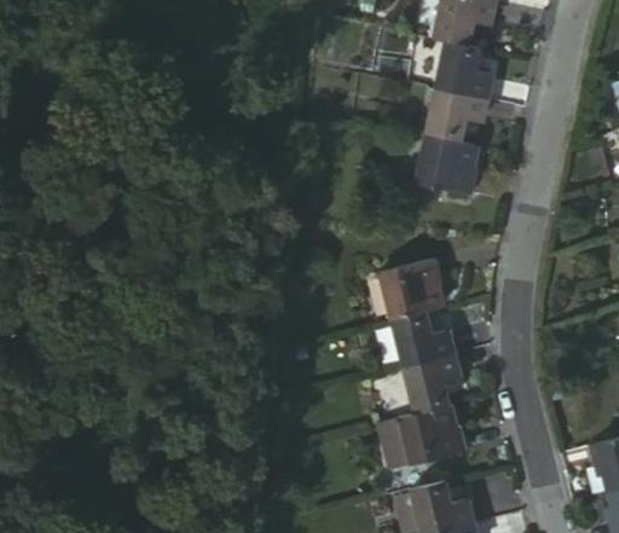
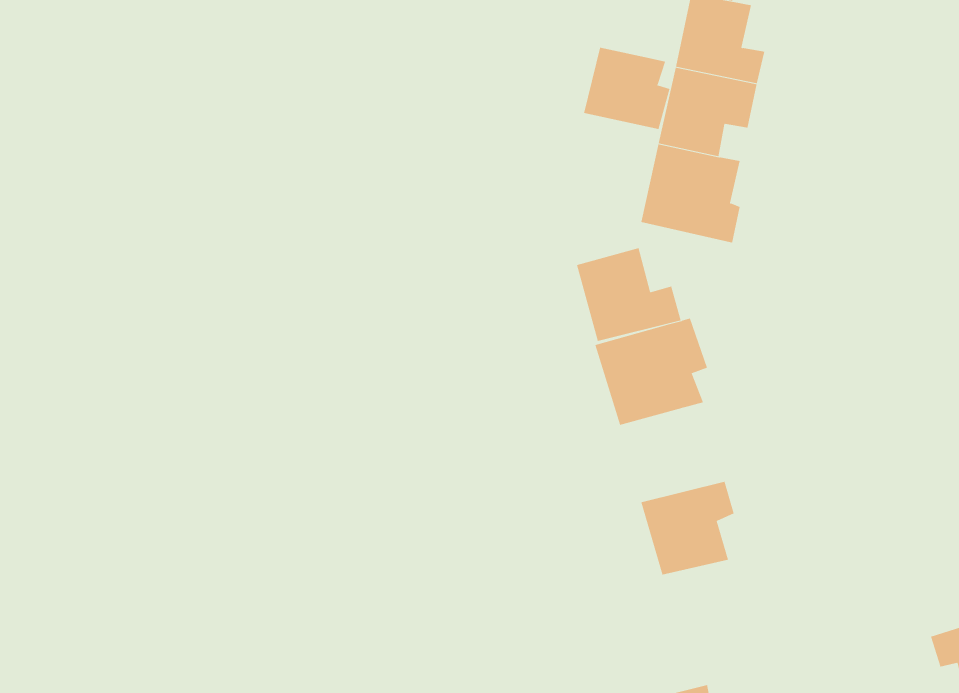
building: none -> [583,47,670,130]
building: [394,307,461,366] -> [576,248,681,342]
building: [387,402,481,468] -> none

